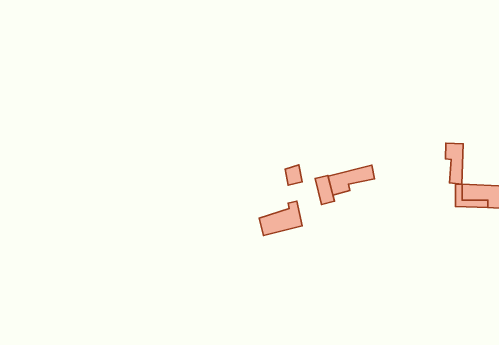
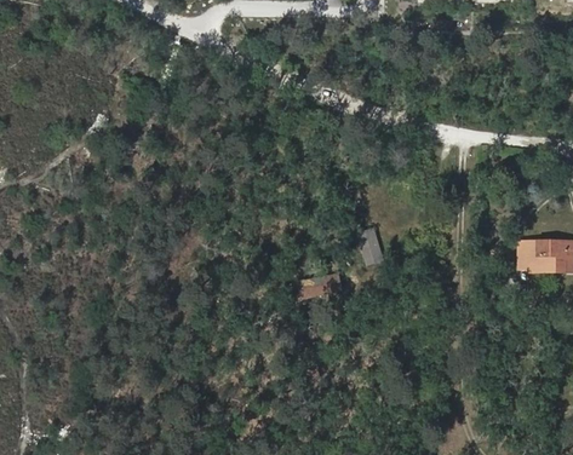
building: [446,143,463,184] -> none
building: [328,165,374,195] -> none

